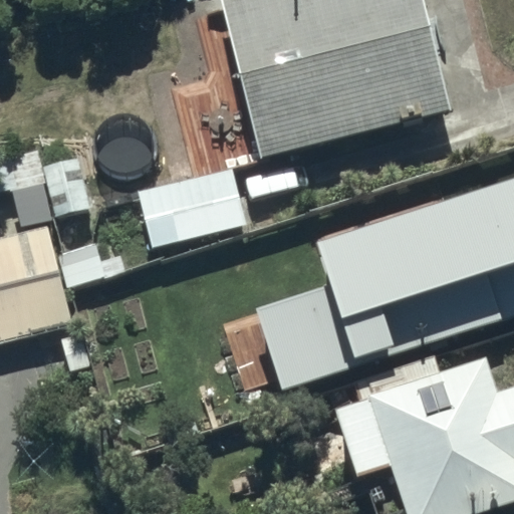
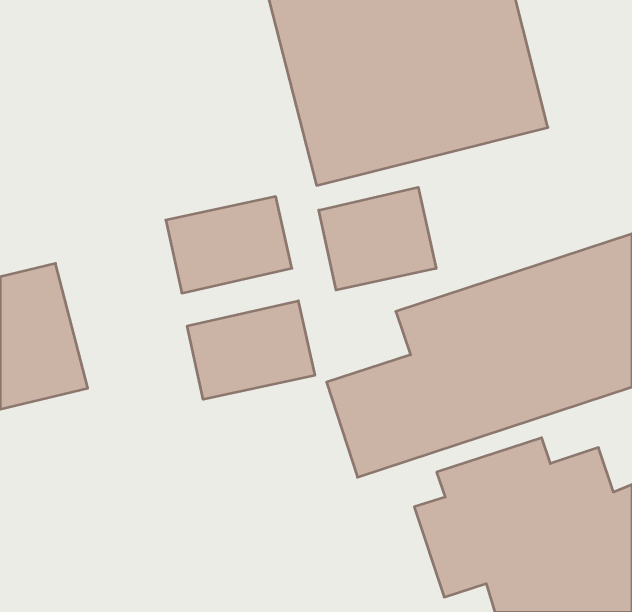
building: none -> [319,187,436,290]
building: none -> [187,301,315,399]

